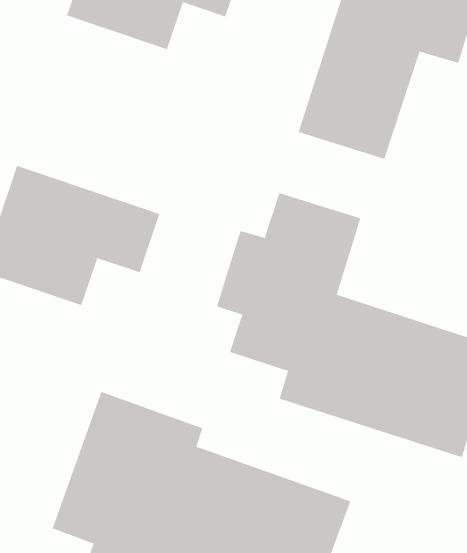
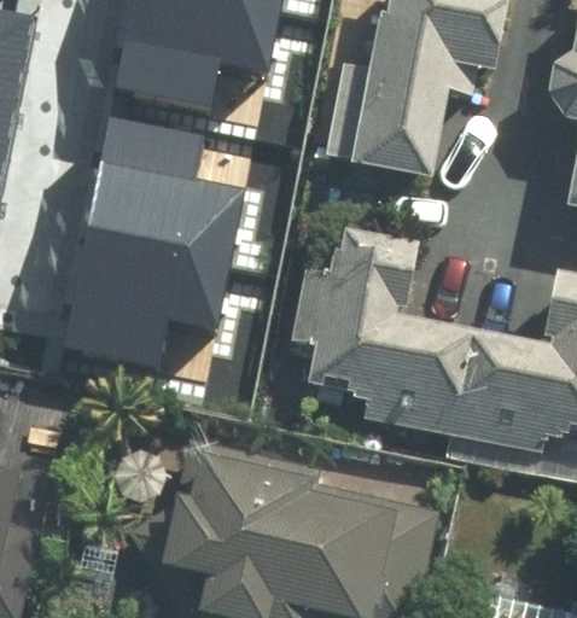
building: none -> [82,112,241,264]

